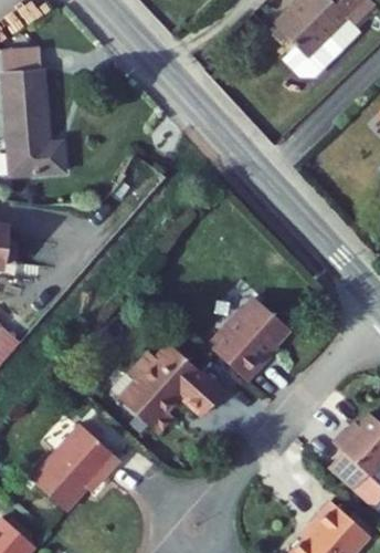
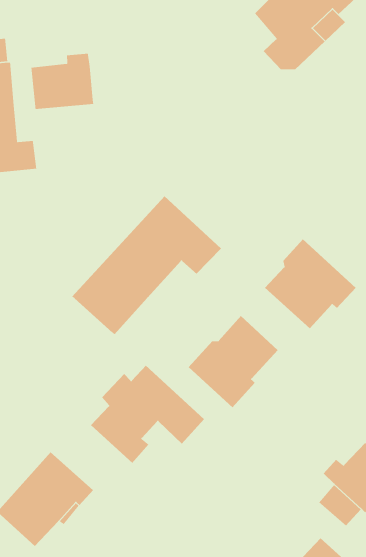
building: none -> [31,53,94,110]
building: none -> [71,195,222,335]
building: none -> [264,239,357,329]

